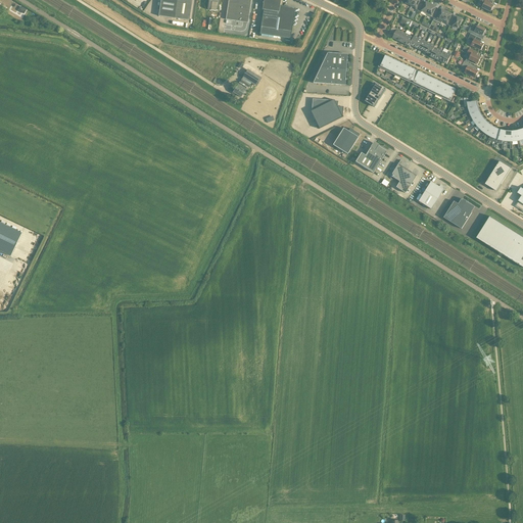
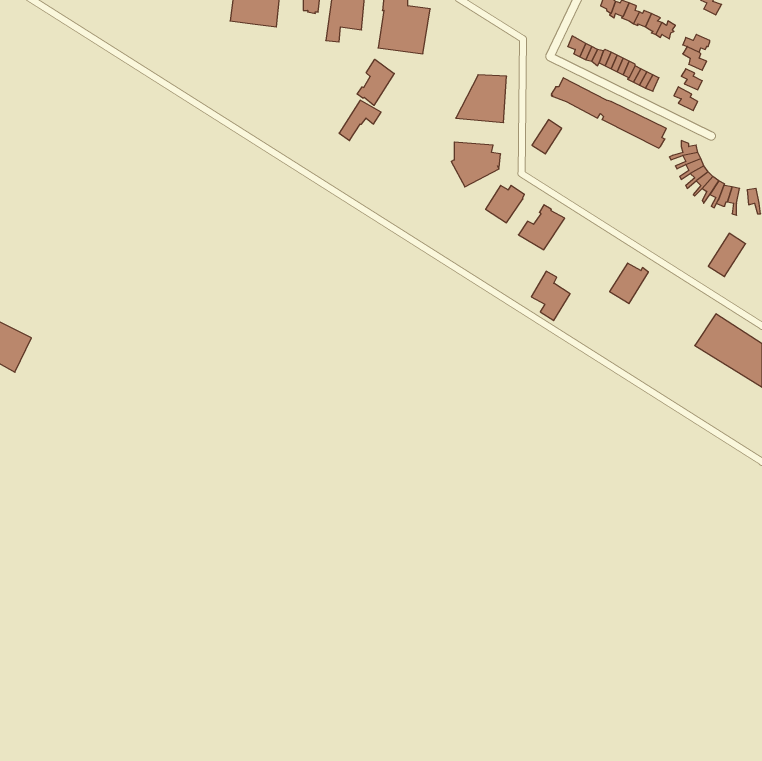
building: none -> [357,59,394,105]
building: [389,158,416,192] -> [531,271,570,321]
building: [443,197,474,227] -> none

